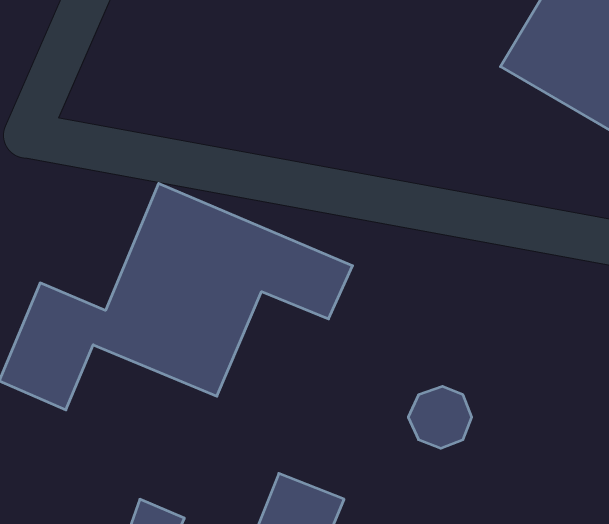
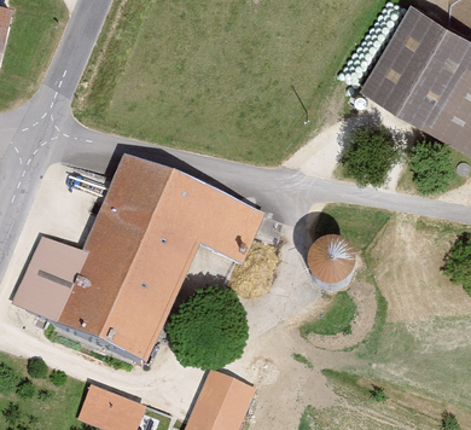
building: none -> [58,280,164,362]
building: [408,386,472,448] -> [302,242,347,285]

